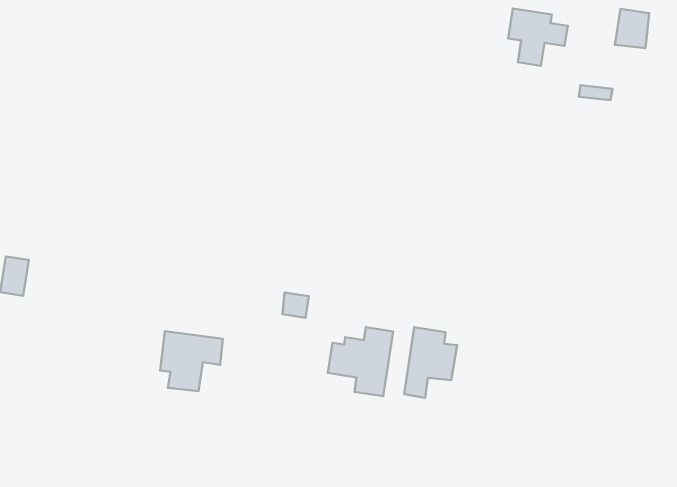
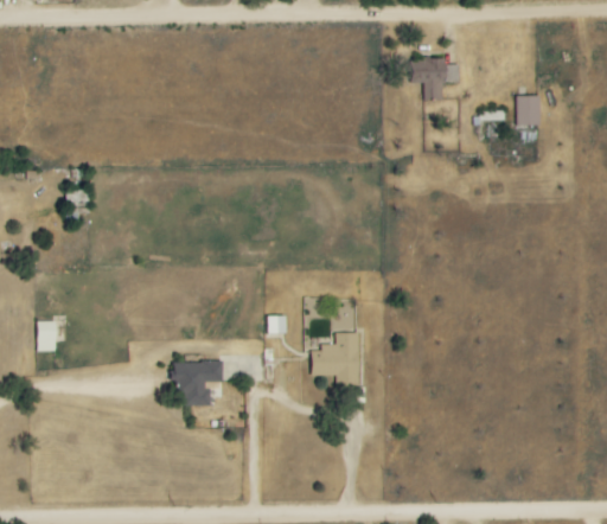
building: [615,9,649,48] -> [516,96,541,126]
building: [404,327,457,398] -> none

